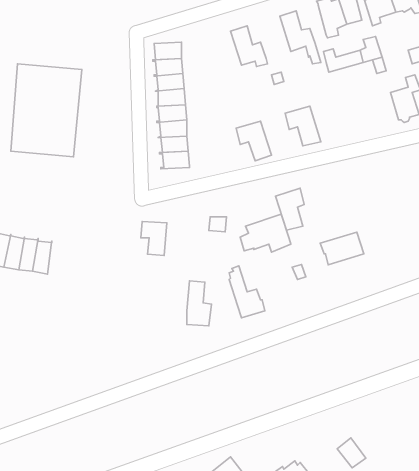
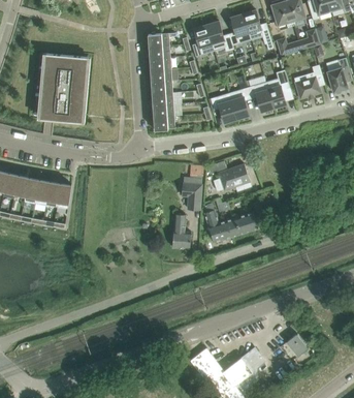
building: none -> [228,13,251,45]
building: none -> [191,25,214,57]
building: none -> [293,64,324,99]
building: none -> [265,69,289,109]
building: [276,188,304,230] -> [228,87,250,119]
building: [141,221,167,255] -> [182,183,201,209]
building: [320,232,364,265] -> [225,212,258,237]

